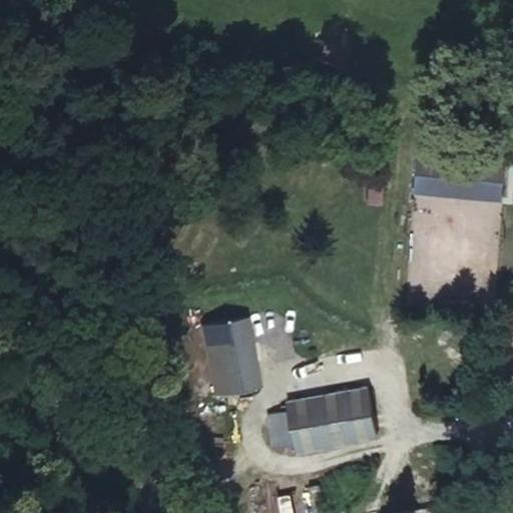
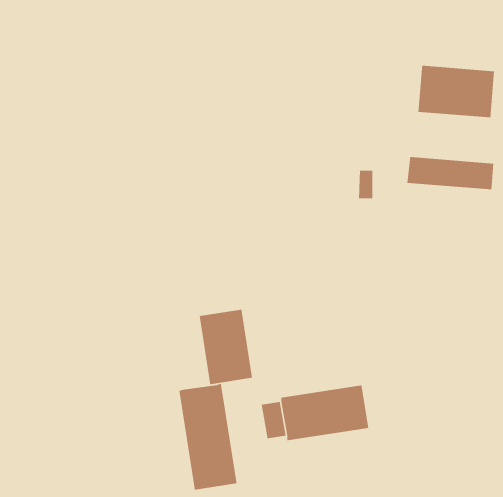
building: none -> [418,65,495,118]
building: none -> [179,383,237,490]

